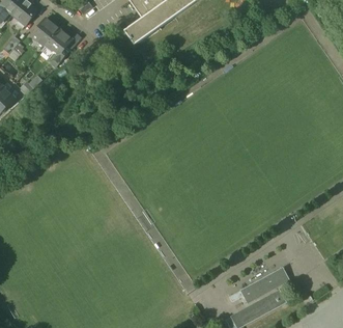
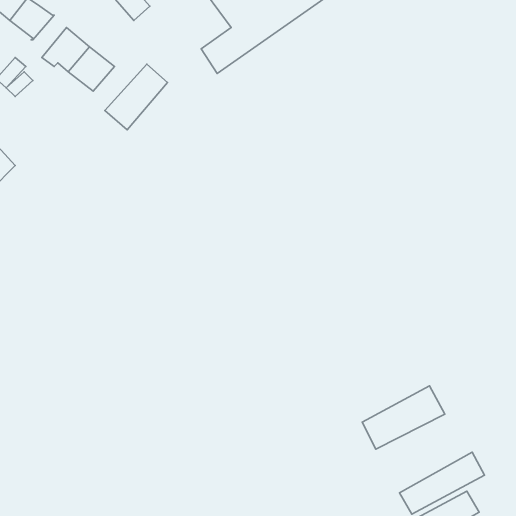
building: none -> [105,64,167,130]
building: none -> [362,386,445,449]

